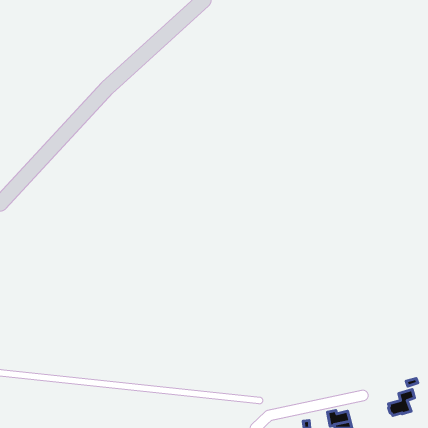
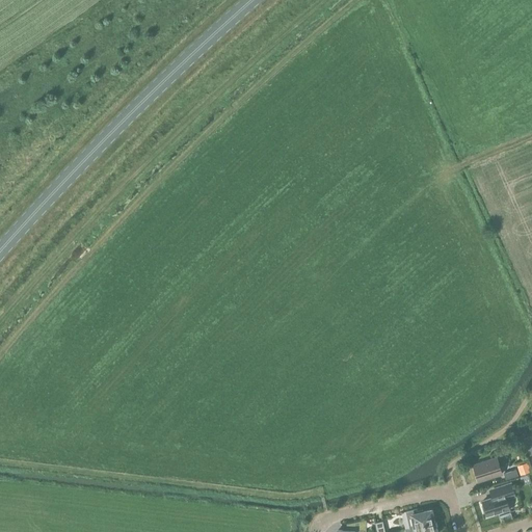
building: none -> [474,458,502,481]

